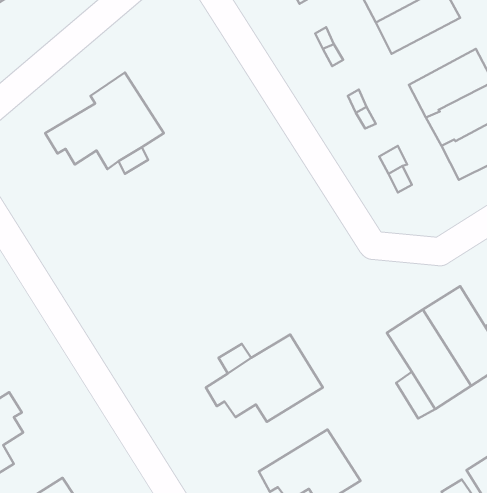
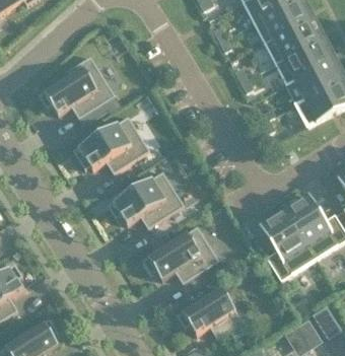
building: none -> [263,20,318,64]
building: none -> [72,117,149,173]
building: none -> [107,171,184,228]

